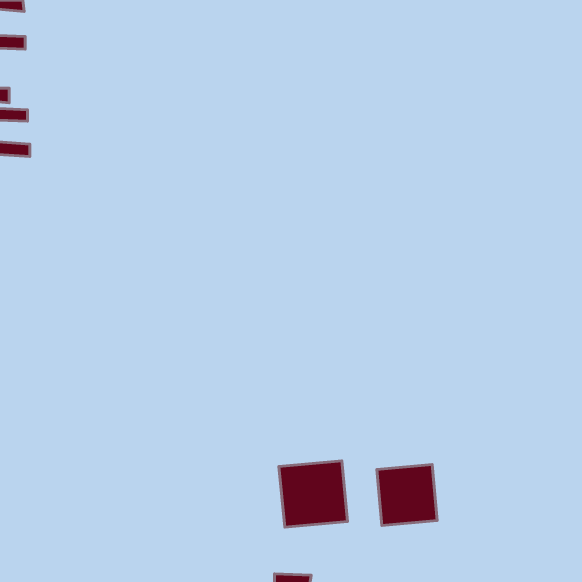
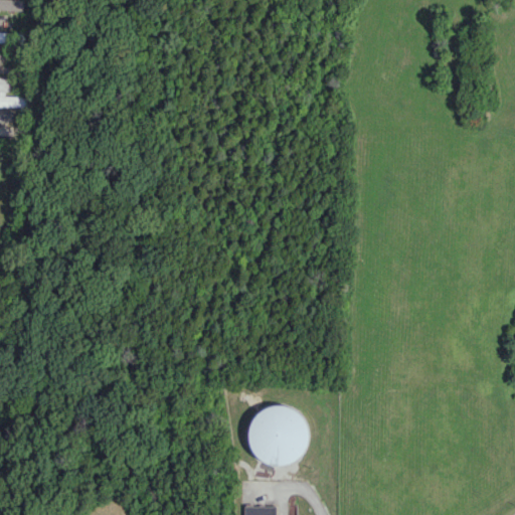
building: [377,465,437,526] -> none

